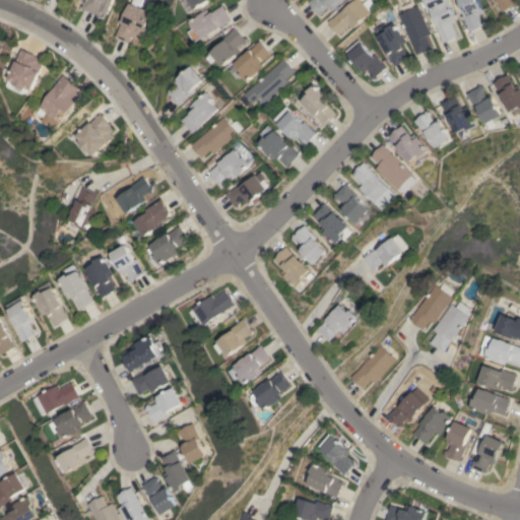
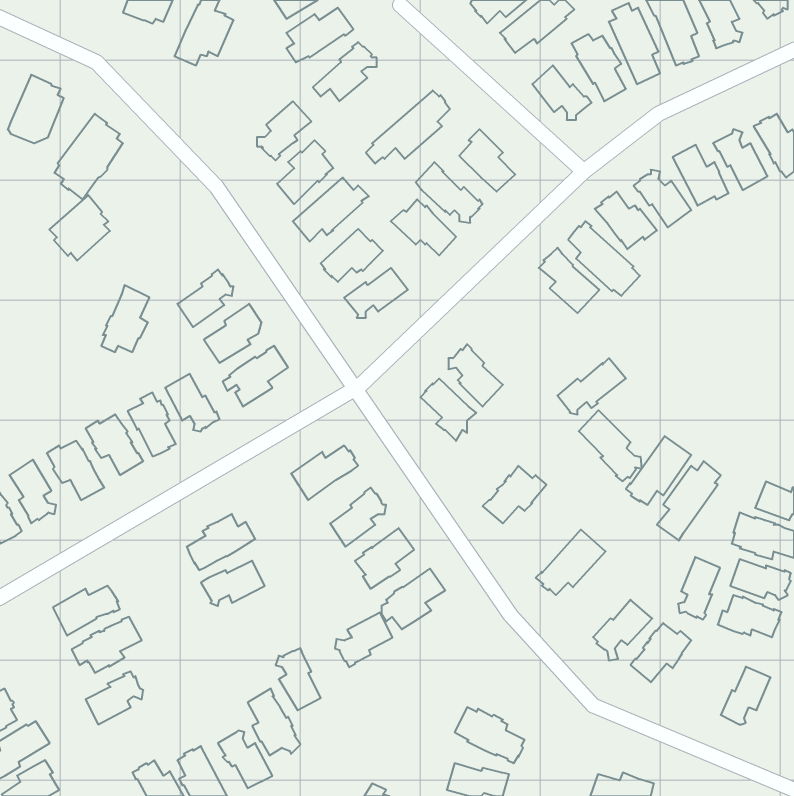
building: [228,41,270,81] -> none
building: [74,113,114,155] -> [49,195,110,261]
building: [334,183,370,223] -> none
building: [312,202,349,244] -> none
building: none -> [579,410,641,481]
building: [146,387,184,422] -> [335,613,392,667]
building: [443,420,470,461] -> [678,557,720,619]
building: [317,434,353,475] -> none

